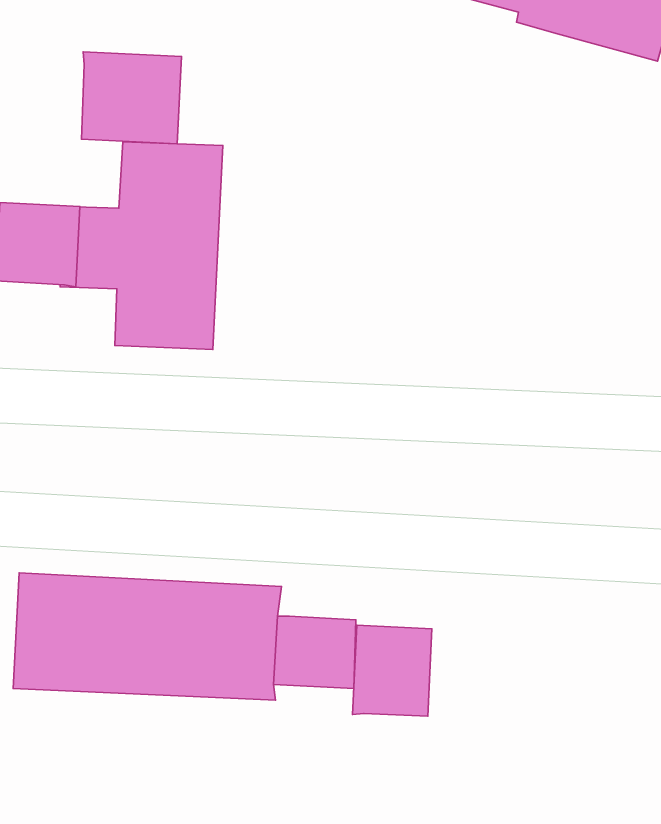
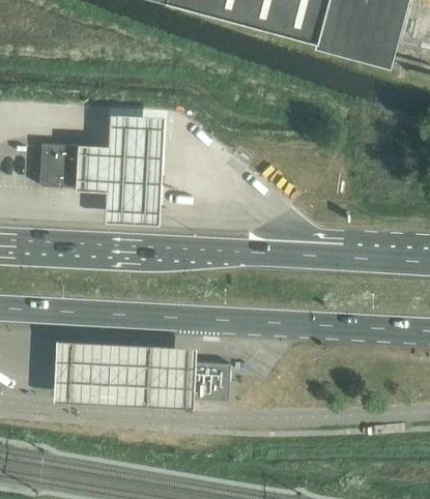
building: [81,52,182,144] -> none
building: [353,625,432,716] -> none

